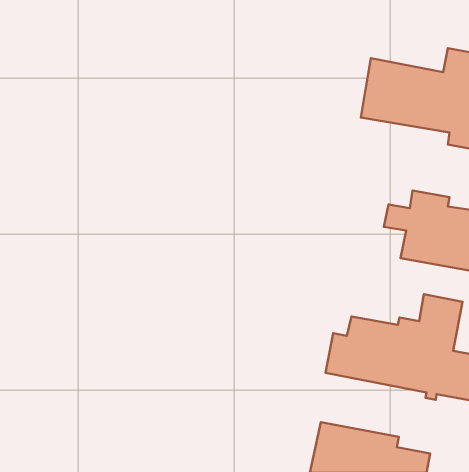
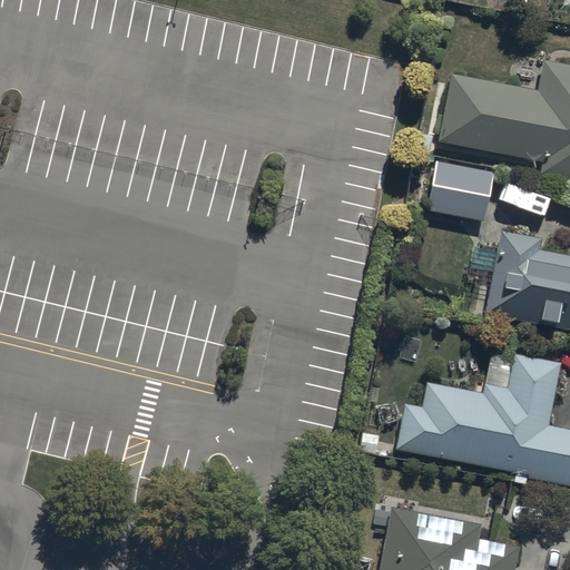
building: none -> [429,160,494,220]

